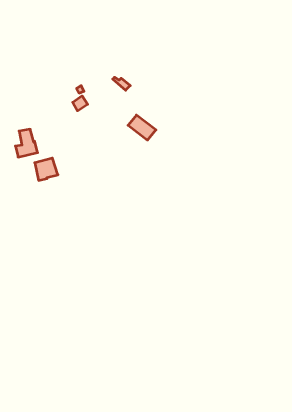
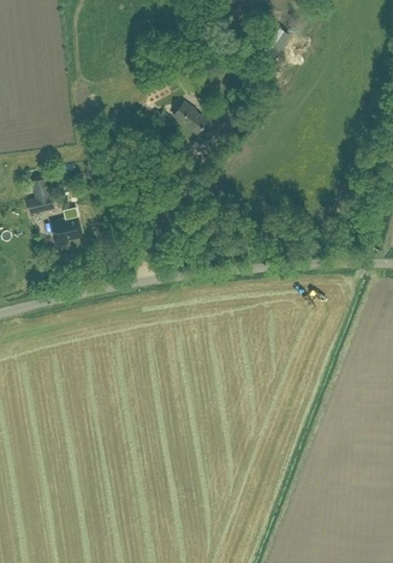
building: [128,115,156,140] -> [172,102,208,134]

